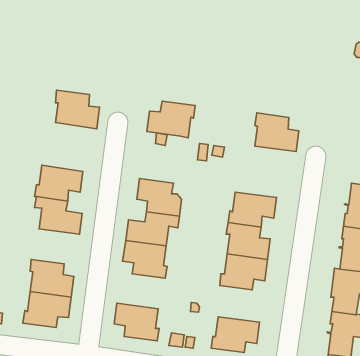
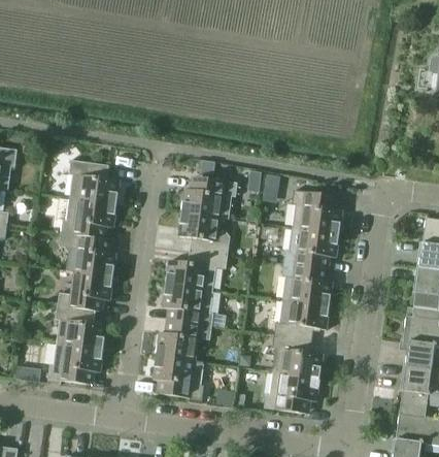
building: [56,90,99,129] -> [69,160,120,204]
building: [147,101,195,138] -> [181,177,237,220]
building: [255,113,299,151] -> [292,190,342,234]
building: none -> [57,271,112,311]
building: none -> [156,322,211,361]
building: none -> [272,335,323,378]

